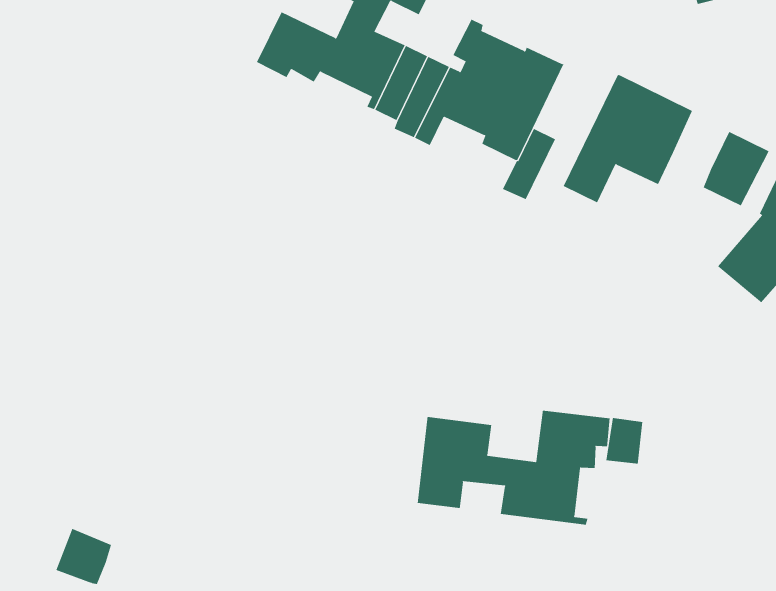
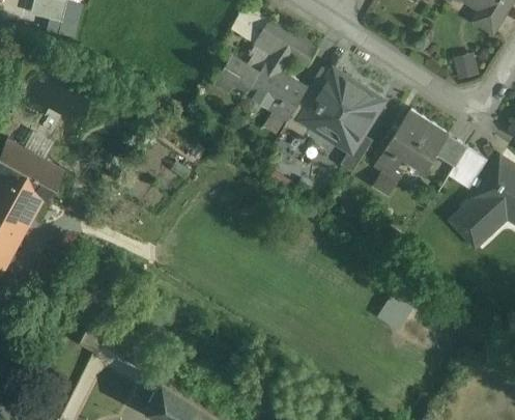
building: none -> [436,135,467,167]
building: [417,410,610,525] -> none

